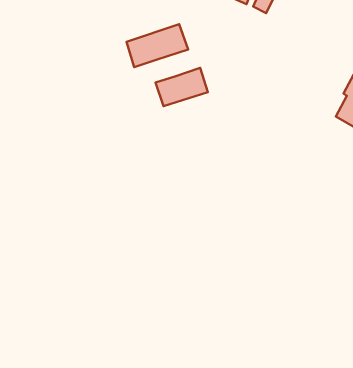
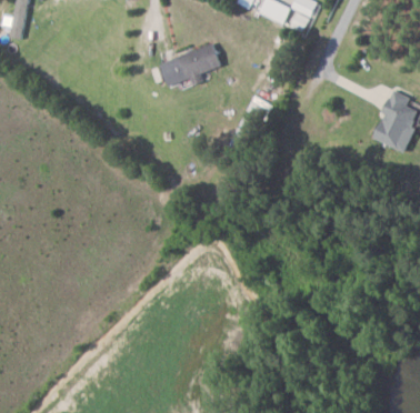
building: [155,68,208,106] -> none

